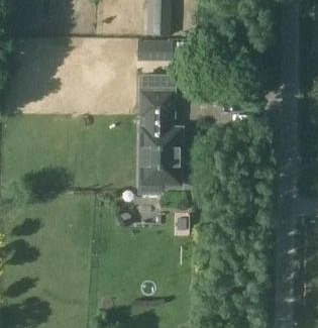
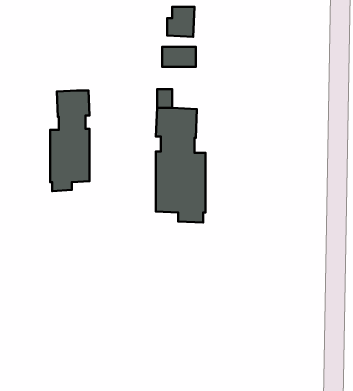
building: none -> [50,90,90,191]

